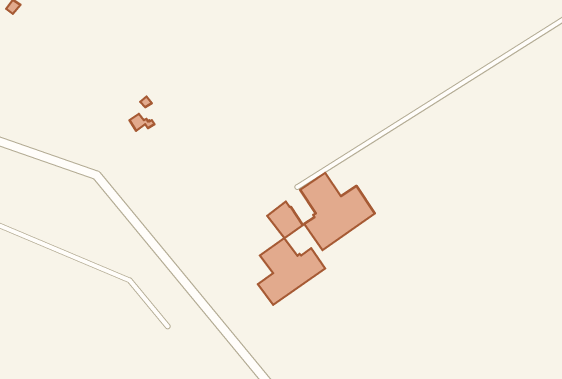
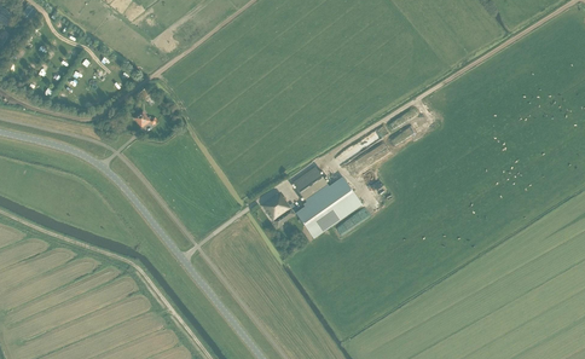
building: [258,238,325,305] -> none

